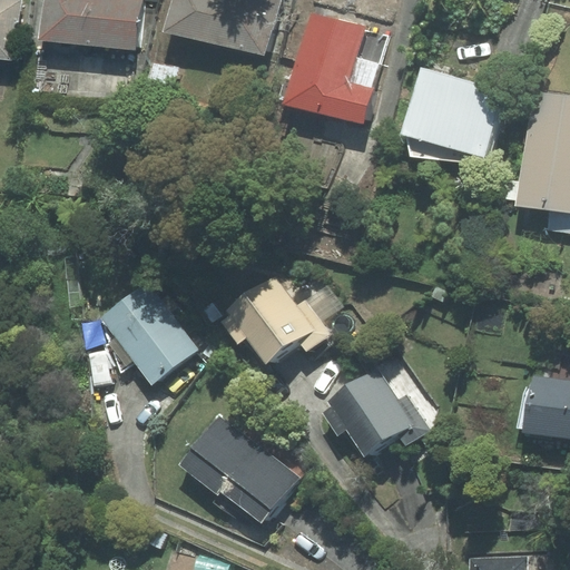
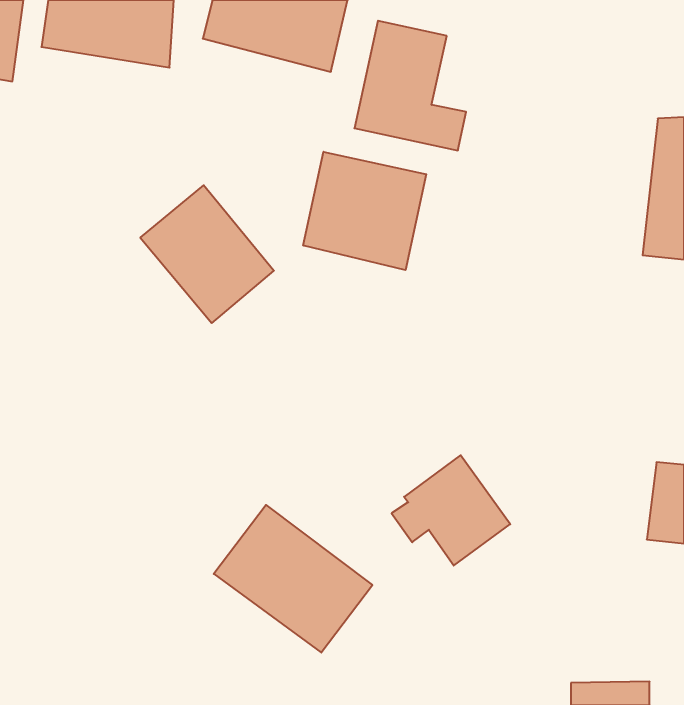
building: [407,66,504,155] -> none
building: none -> [303,152,426,270]
building: [233,274,331,362] -> none
building: [91,278,199,390] -> [140,185,274,323]

